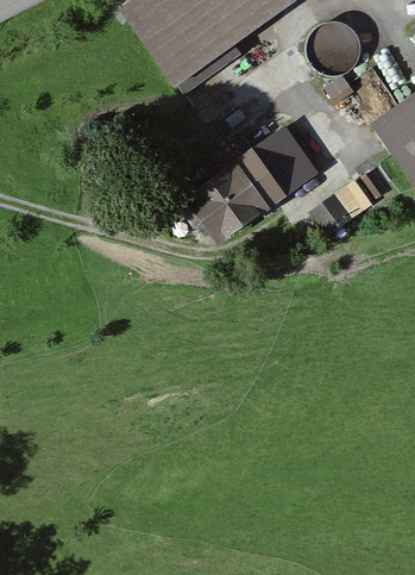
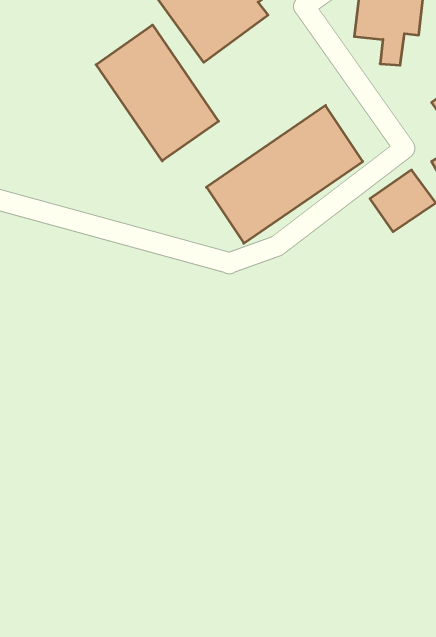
building: none -> [96,25,219,161]

